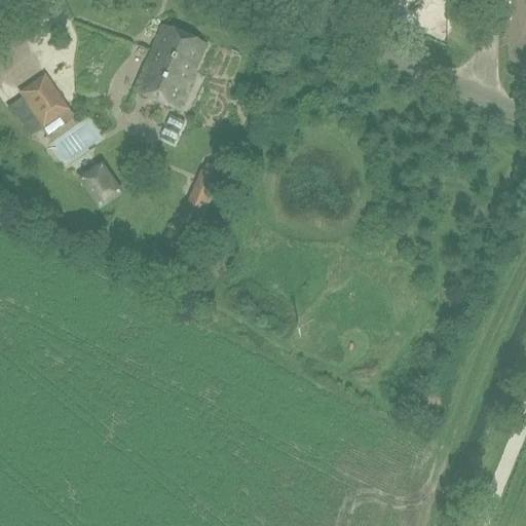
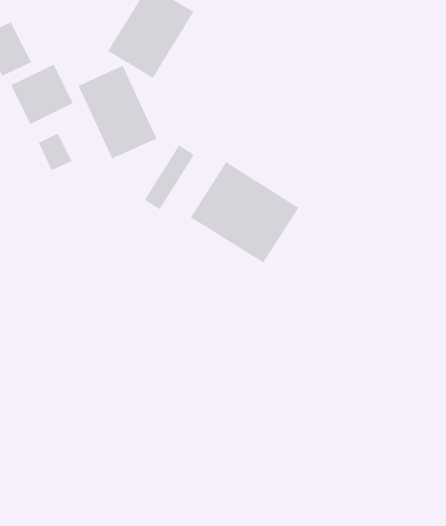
building: none -> [77,65,158,160]
building: none -> [190,161,299,264]

